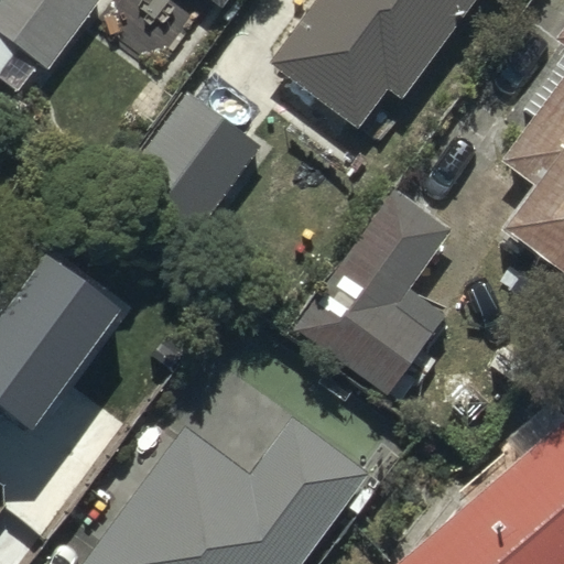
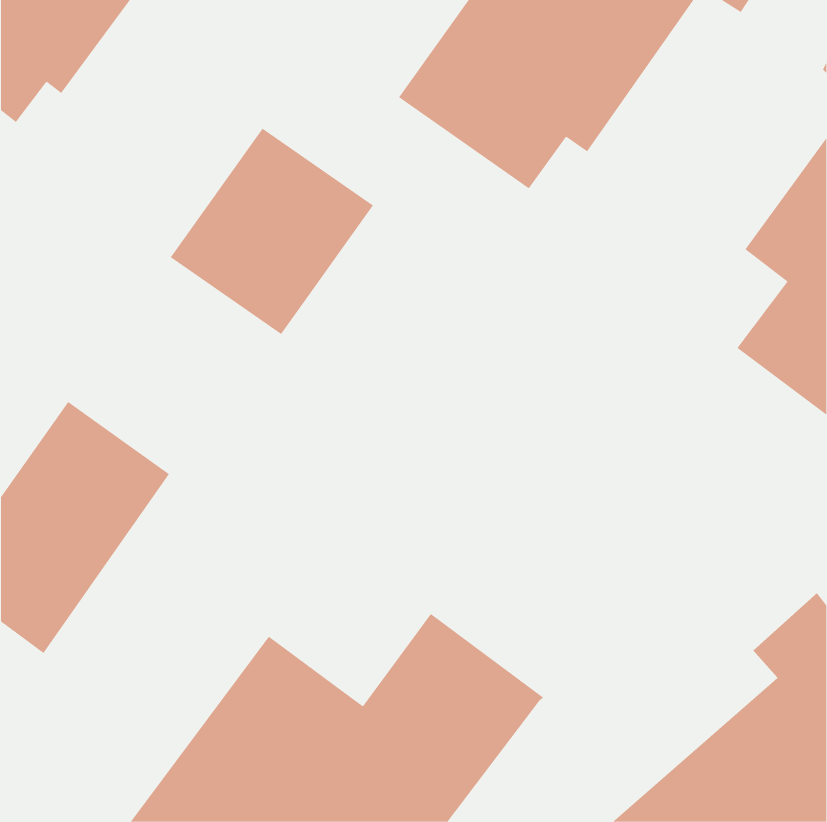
building: [296,188,455,395] -> none

